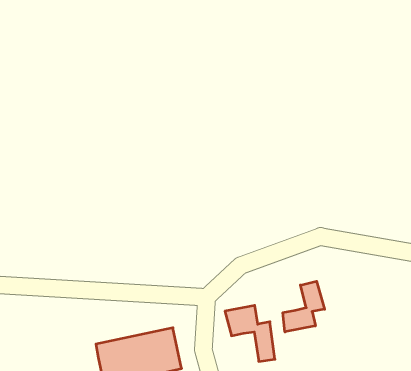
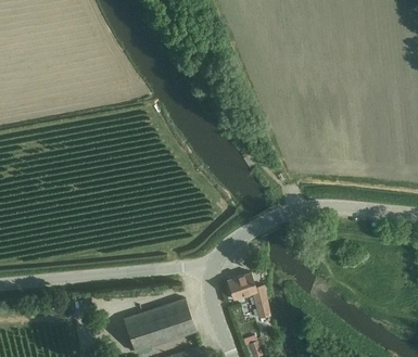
building: [283,281,325,332] -> none

